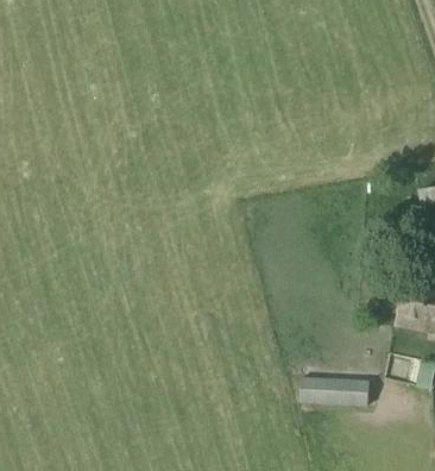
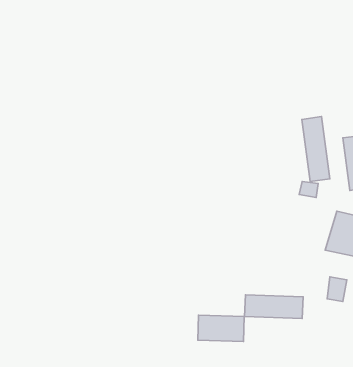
building: none -> [302,117,330,182]
building: none -> [198,315,244,342]

